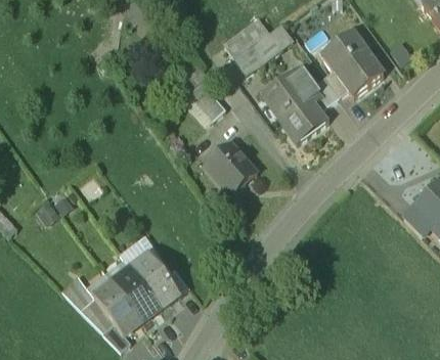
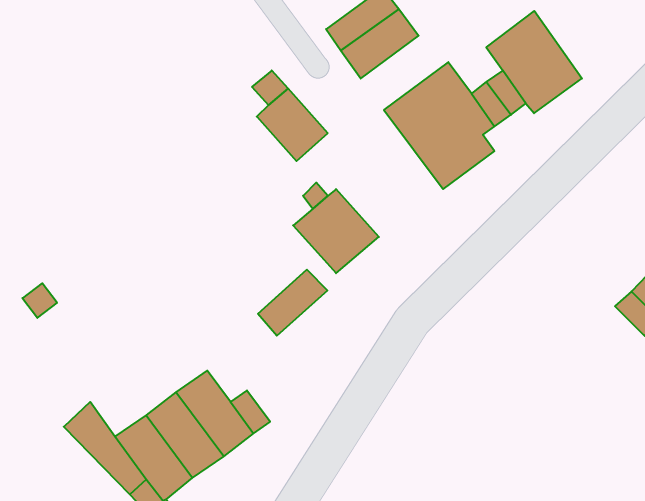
building: none -> [258,270,327,336]

